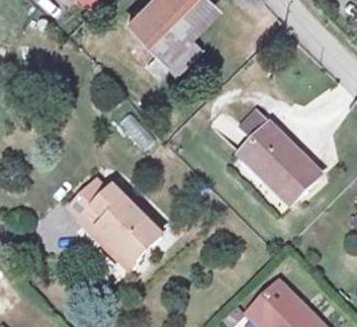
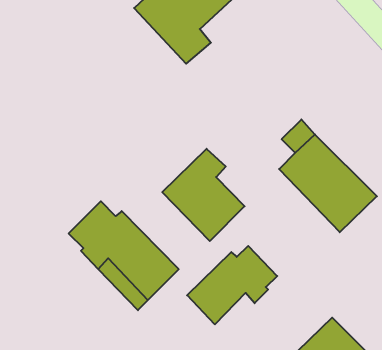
building: none -> [162,149,245,241]
building: none -> [187,246,277,324]

